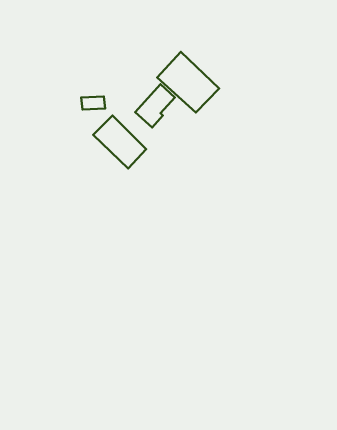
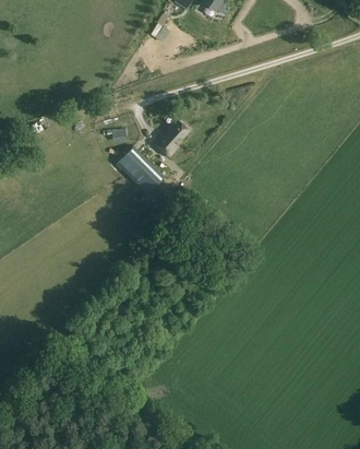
building: [157,52,219,113] -> none

